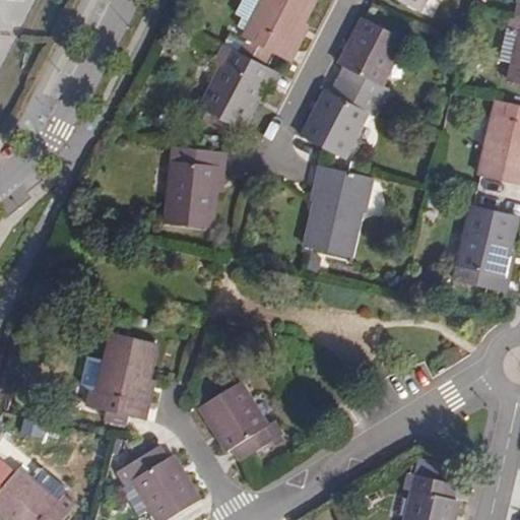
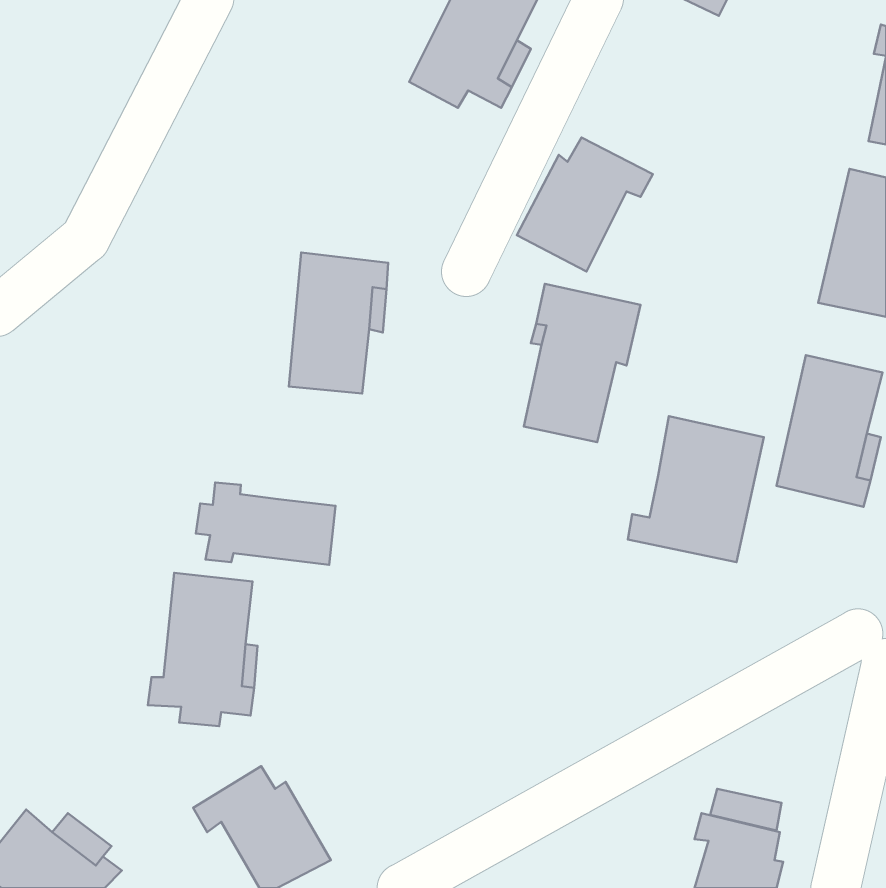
building: [339,18,403,102] -> none
building: [200,45,266,132] -> none
building: none -> [628,416,764,562]
building: none -> [196,482,336,565]
building: [195,381,277,458] -> none

